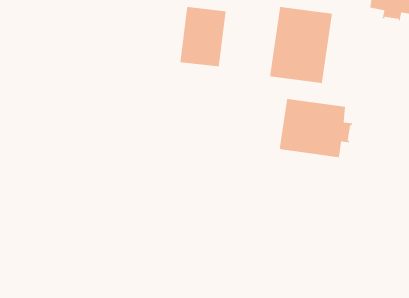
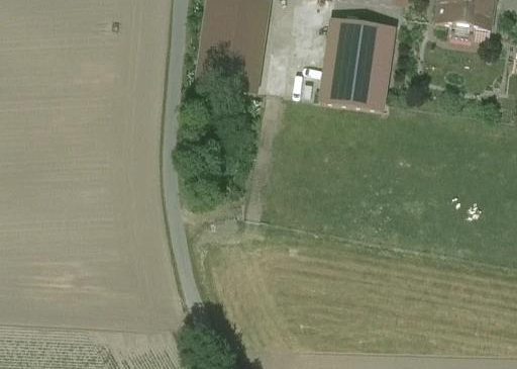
building: [279,98,353,158] -> none

